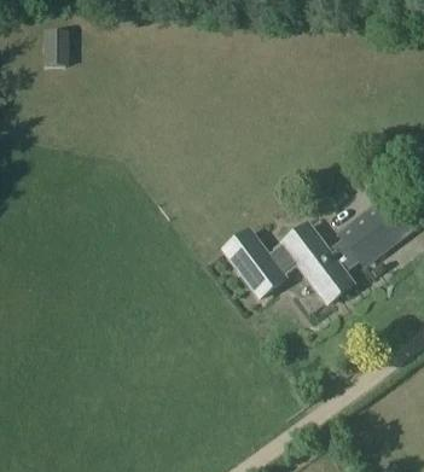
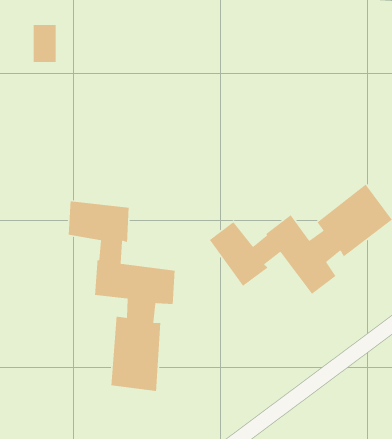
building: none -> [68,201,176,392]

